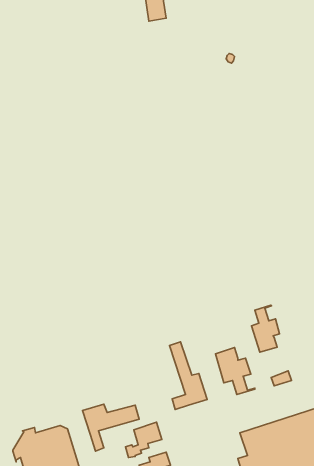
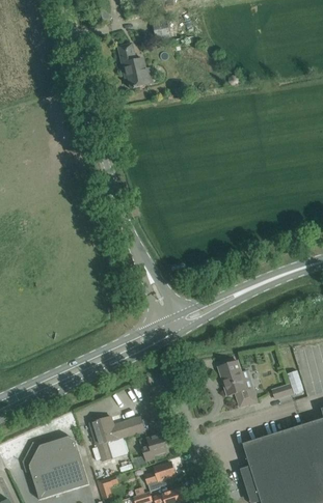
building: none -> [116,44,146,88]
building: [252,305,280,352] -> none
building: [170,342,207,409] -> none

